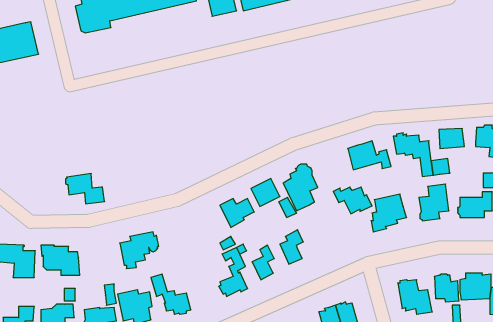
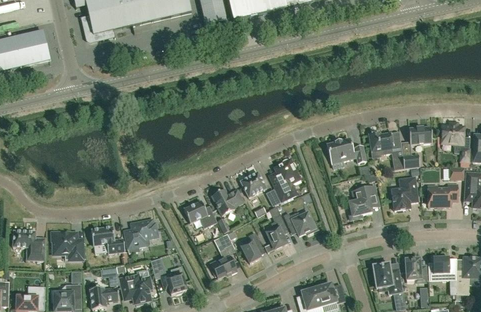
building: [66,174,105,204] -> [90,226,125,253]
building: [333,187,372,214] -> [283,211,318,235]
building: none -> [184,200,217,226]

